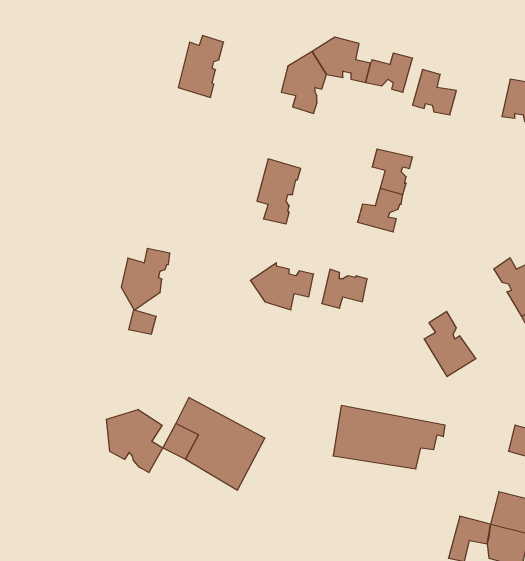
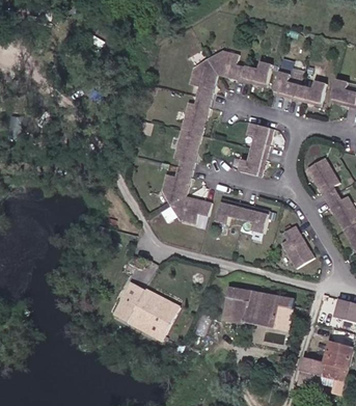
building: [178,36,224,97] -> [181,96,210,135]
building: none -> [297,80,326,106]
building: none -> [306,158,338,199]
building: [121,248,170,310] -> [161,167,192,207]
building: none -> [241,206,269,234]
building: [106,409,163,473] -> none

